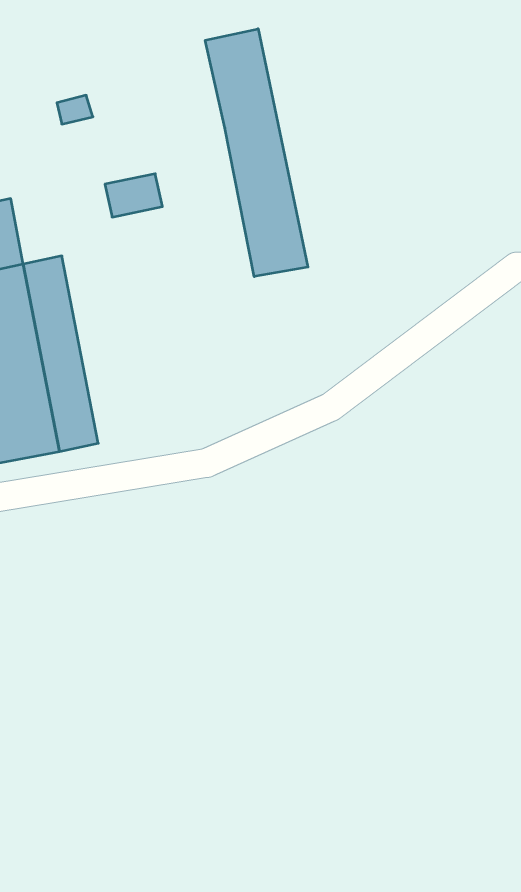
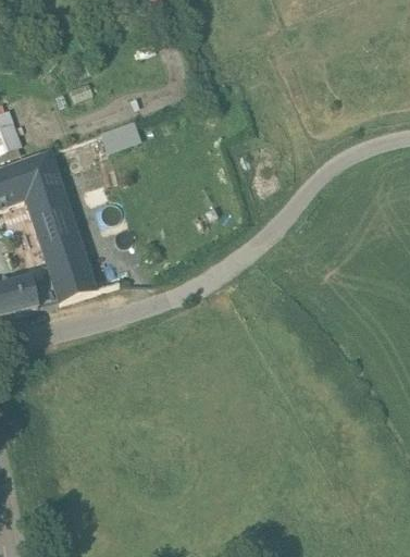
building: [205,29,308,277] -> none

